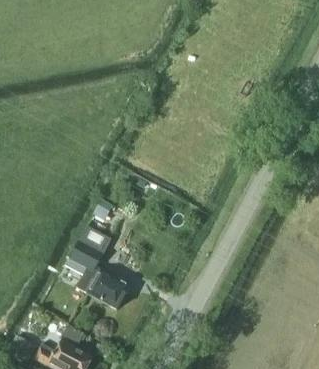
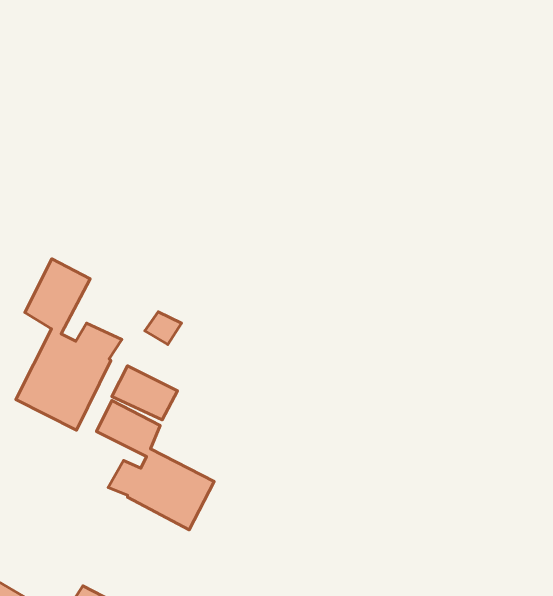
building: none -> [16,259,122,430]

